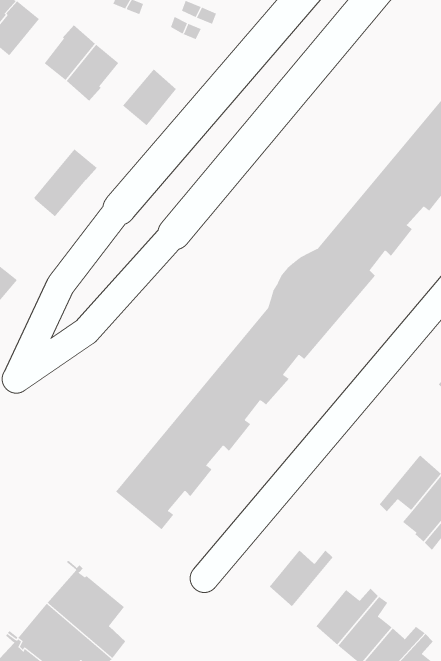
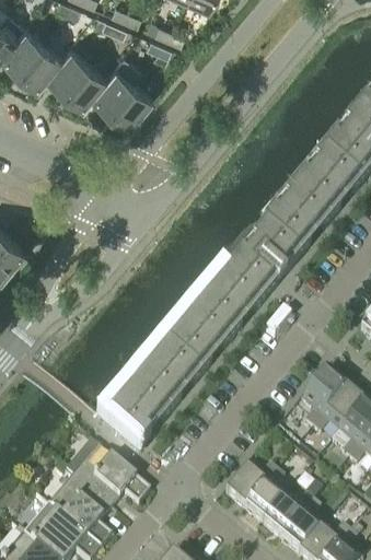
building: none -> [18,36,60,82]
building: [33,149,98,217] -> [90,50,141,105]
building: none -> [301,368,345,422]
building: none -> [58,436,149,504]
building: none -> [243,465,286,520]

